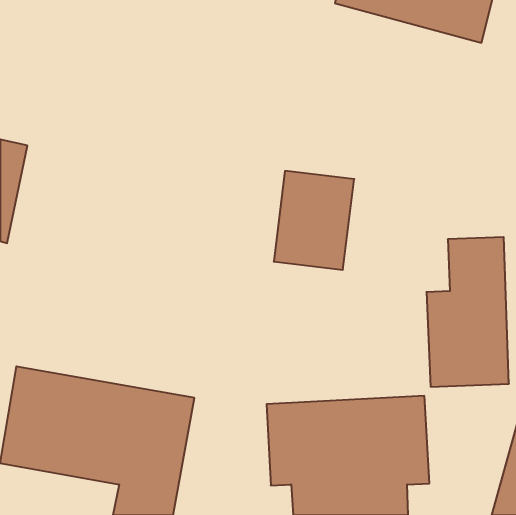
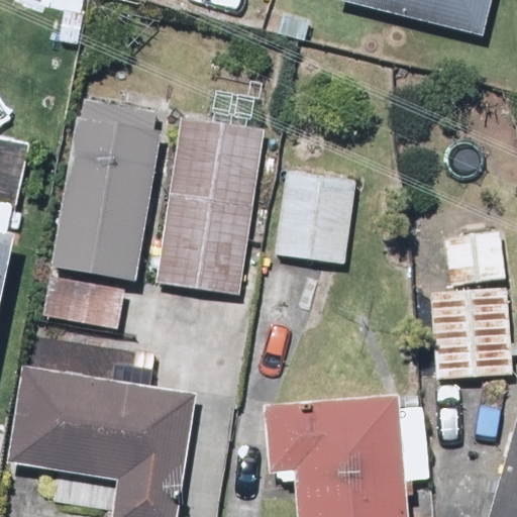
building: none -> [49,100,163,290]
building: none -> [154,113,269,299]

